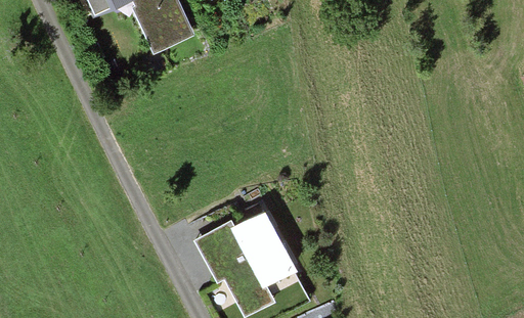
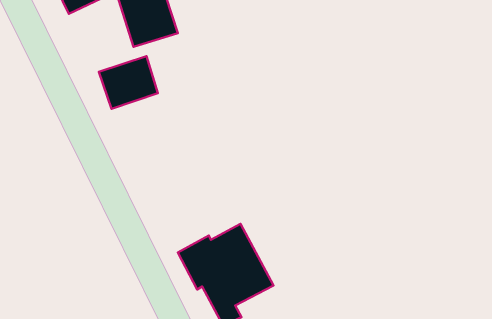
building: none -> [99,56,158,109]

